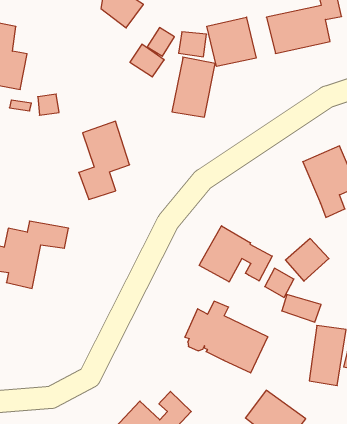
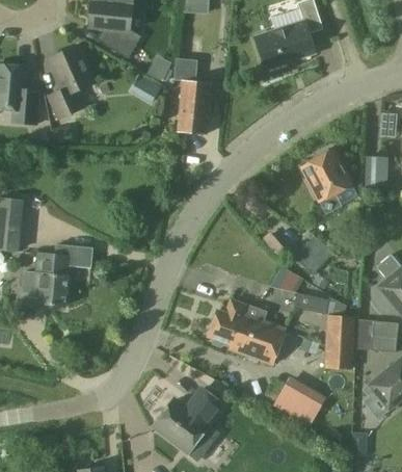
building: [207,17,256,66] -> none
building: [79,121,130,199] -> [48,45,93,119]
building: [199,226,272,282] -> none

